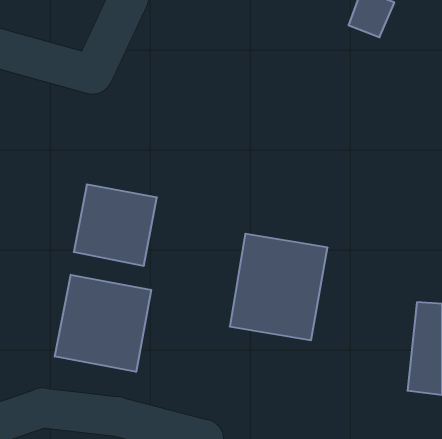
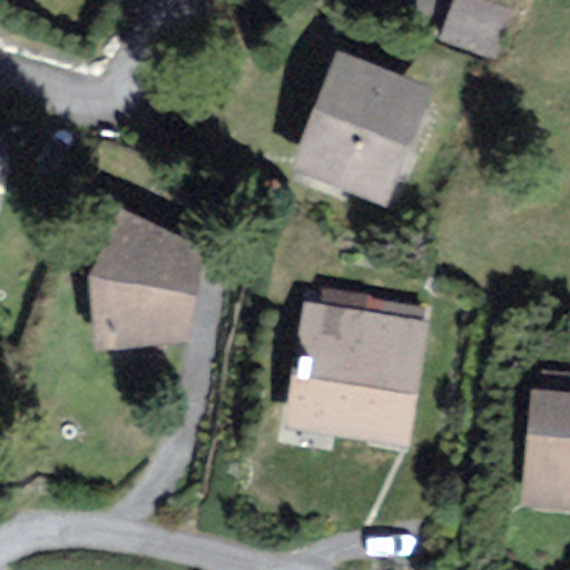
building: none -> [306,62,425,193]
building: [55,275,151,372] -> none

